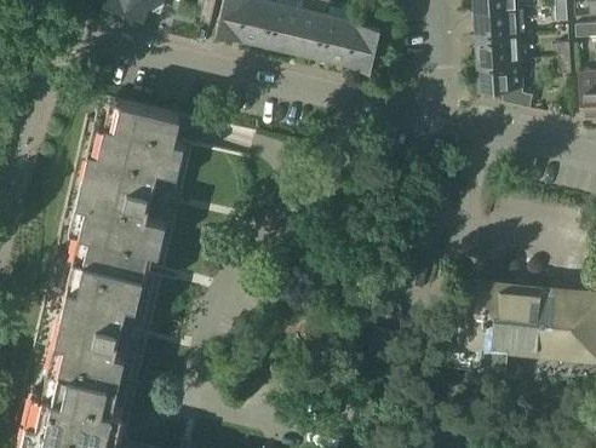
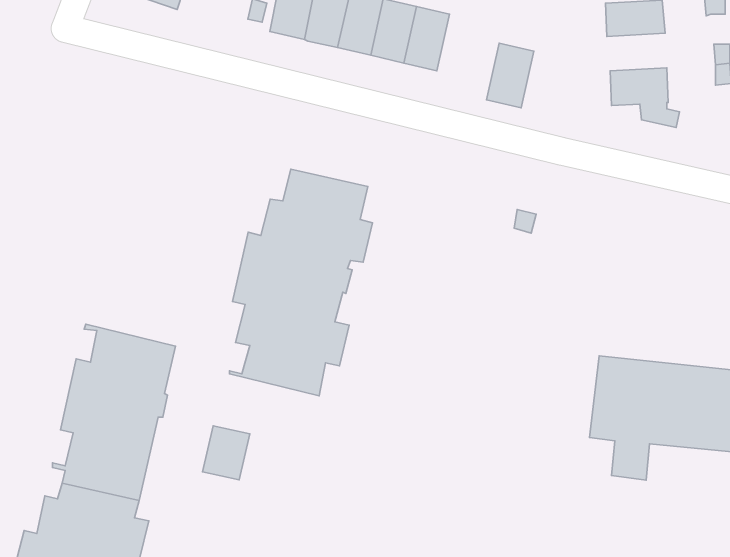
building: [345,22,382,71] -> [487,43,534,108]
building: [476,36,522,65] -> none
building: [75,103,185,277] -> [229,169,373,396]
building: none -> [203,426,250,480]

